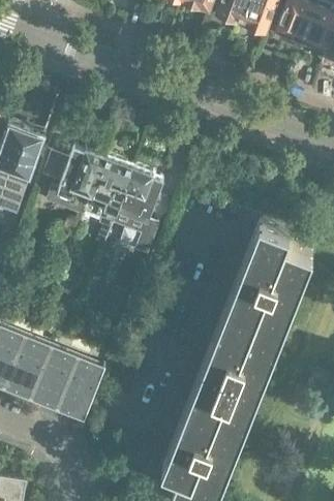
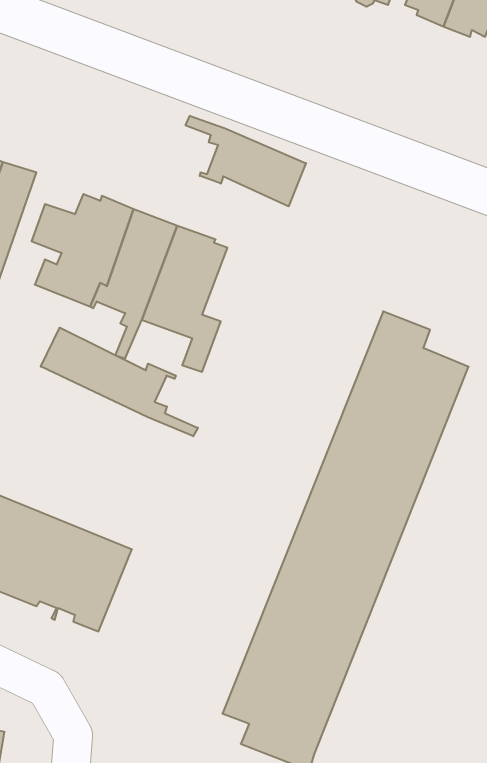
building: none -> [186,116,306,206]
building: none -> [41,328,198,436]

